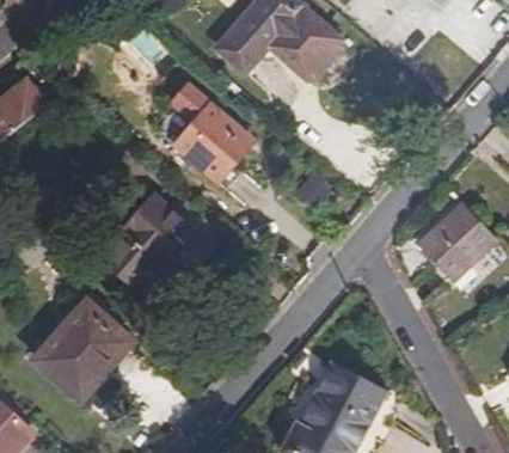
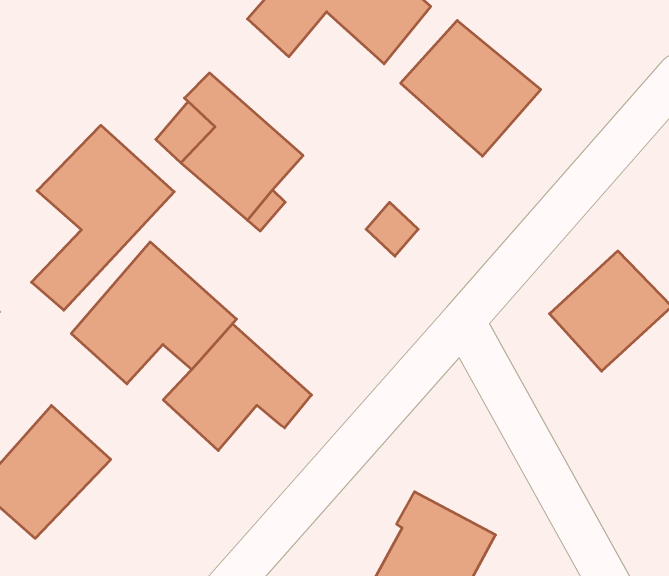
building: none -> [401,20,541,156]
building: none -> [31,125,174,310]
building: none -> [163,324,312,451]

